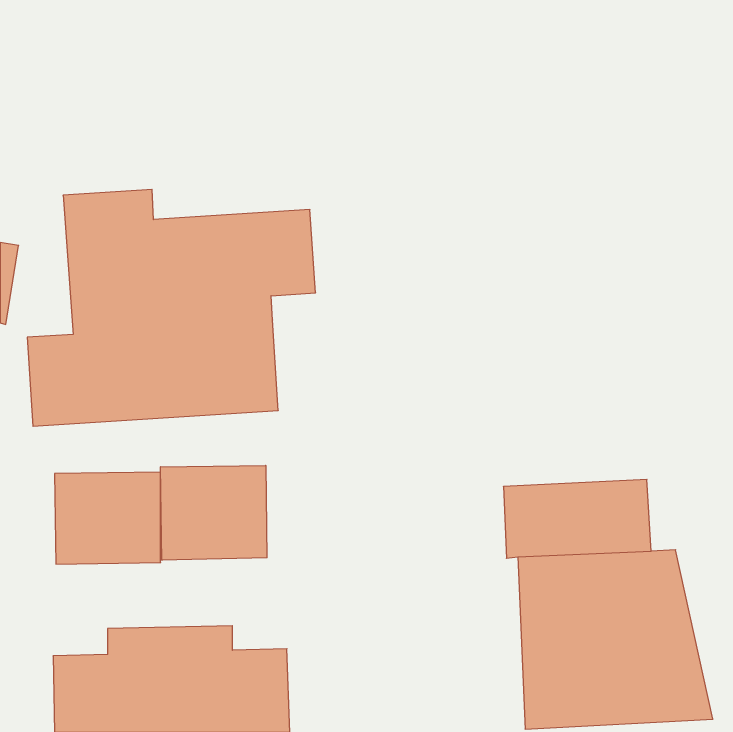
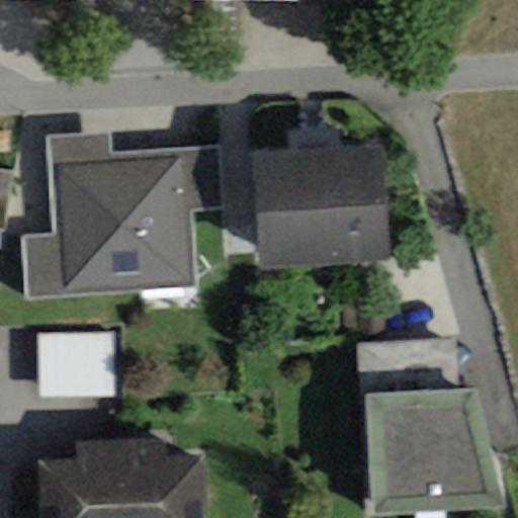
building: none -> [249,141,388,269]
building: [161,465,267,560] -> none

